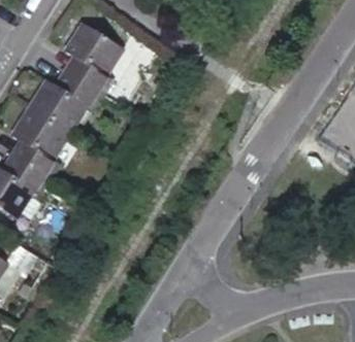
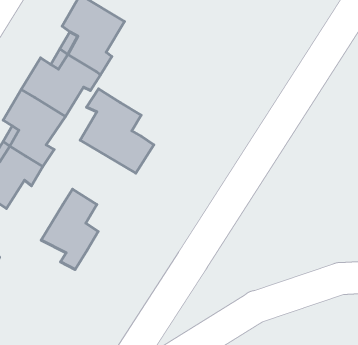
building: none -> [80,89,154,173]
building: none -> [41,189,98,270]

